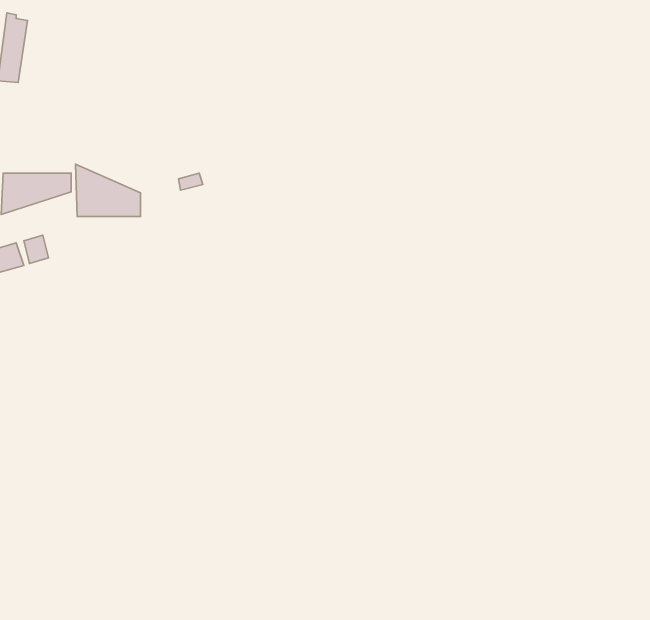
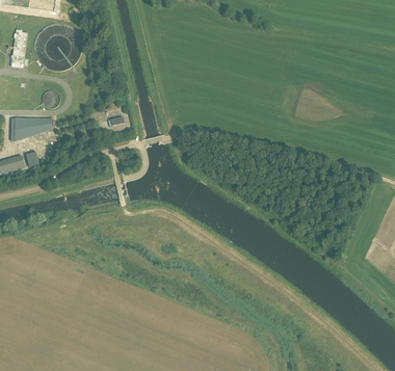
building: [75,164,141,217] -> none

